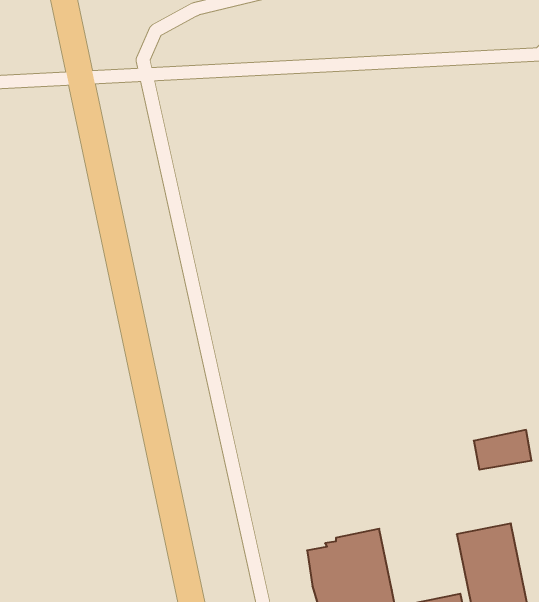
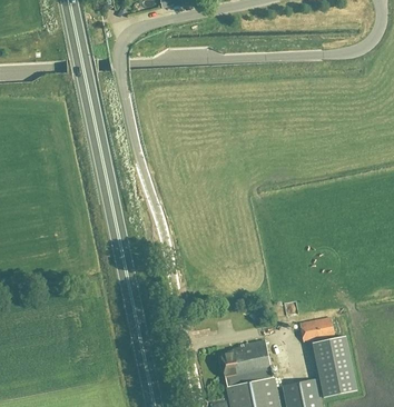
building: [474,430,532,470] -> [297,317,333,341]

